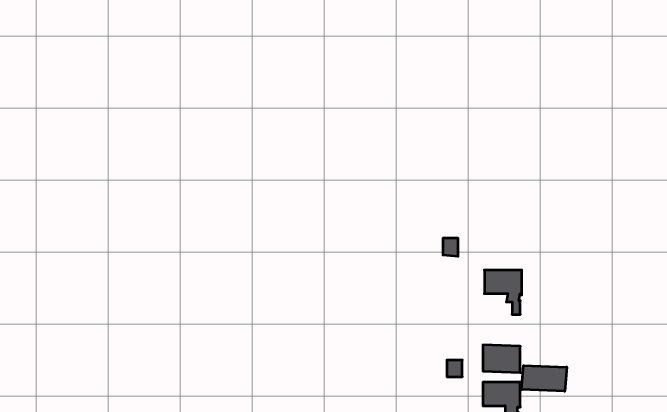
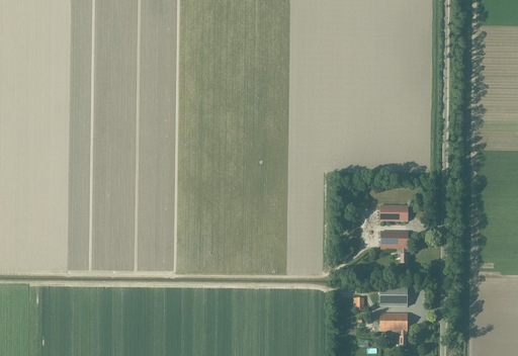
building: none -> [379,204,408,220]
building: [522,366,567,391] -> none

